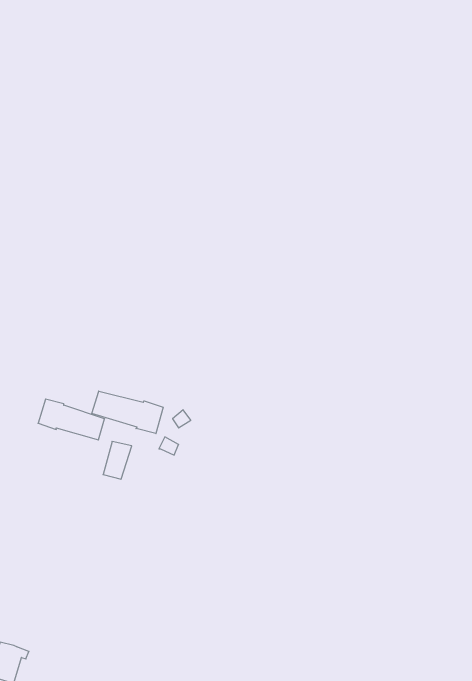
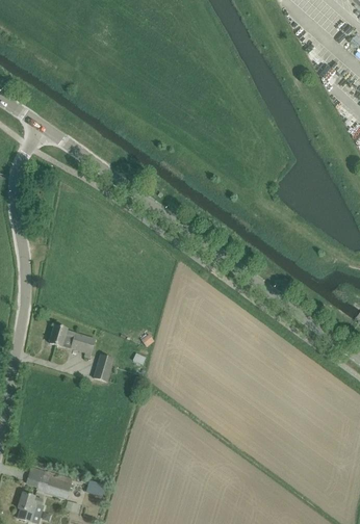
building: [92,391,163,434] -> none
building: none -> [37,472,72,495]

